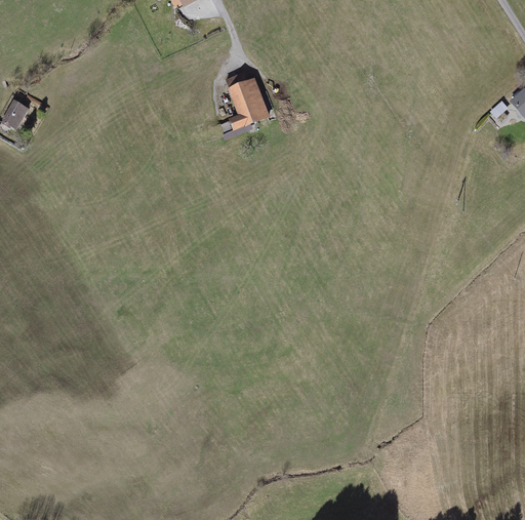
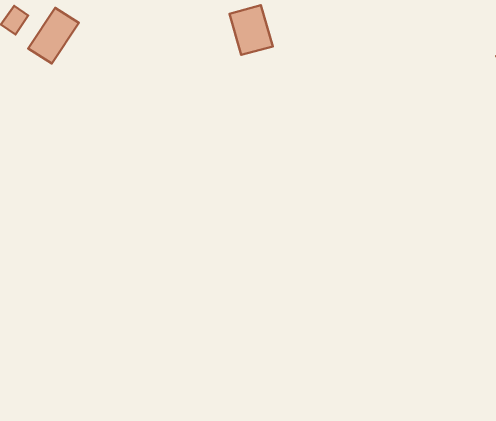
building: none -> [28,8,79,64]

